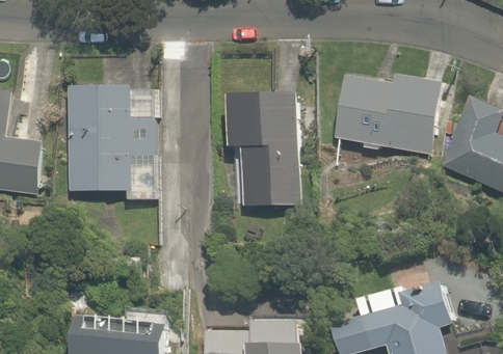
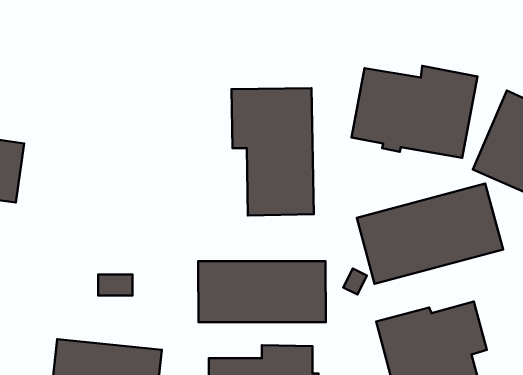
building: [67,85,154,199] -> none
building: none -> [357,184,503,284]
building: none -> [198,261,326,322]

